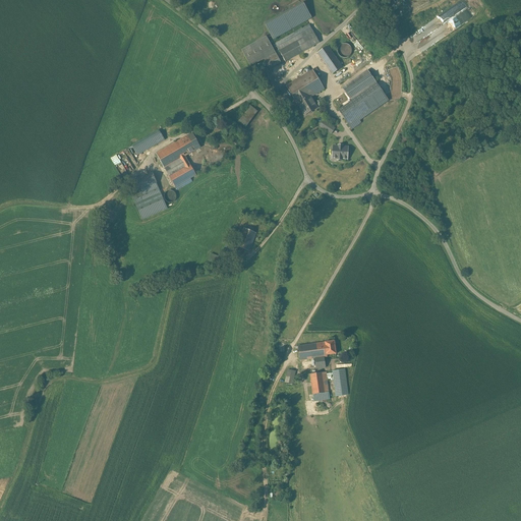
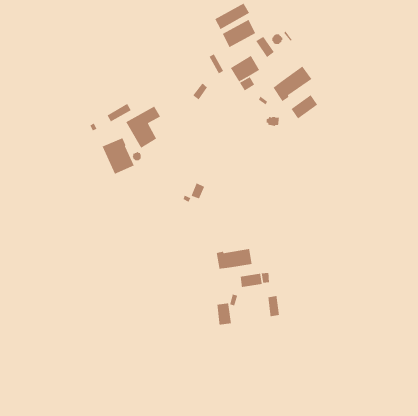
building: [242,35,281,66] -> none
building: [342,68,377,100] -> [290,94,318,120]
building: none -> [216,248,253,270]
building: [310,370,330,399] -> [216,303,232,325]

